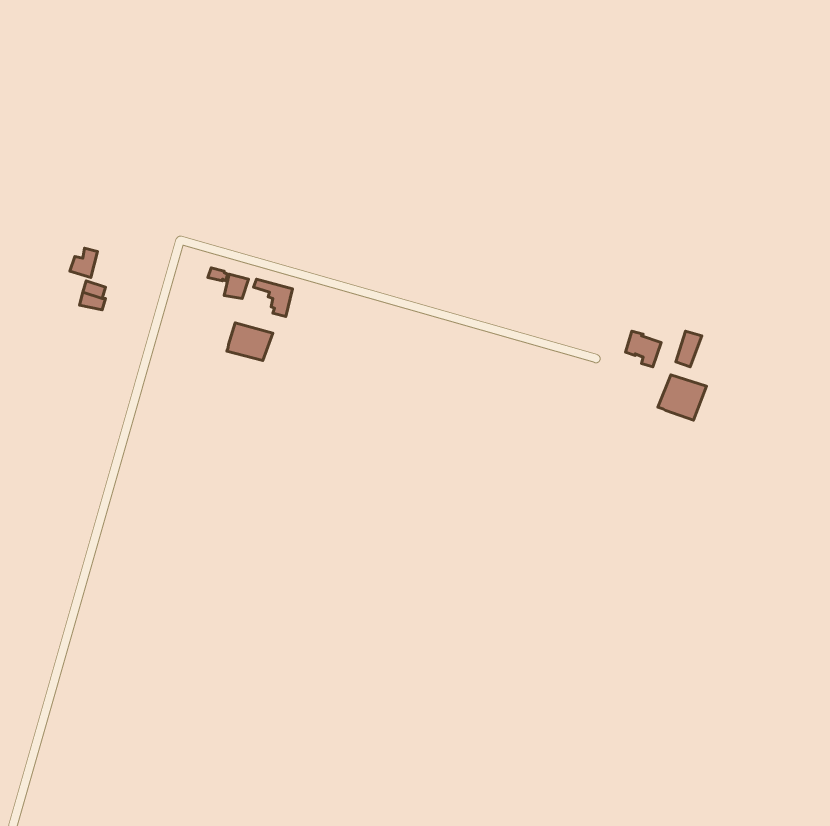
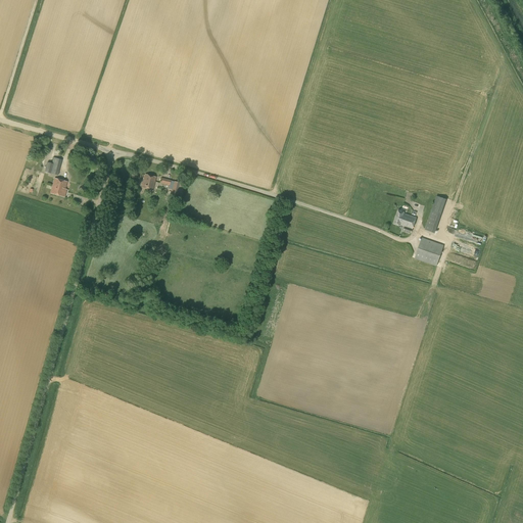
building: [227,323,273,360] -> none

